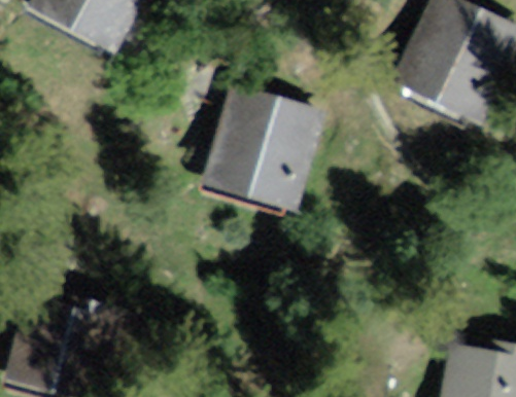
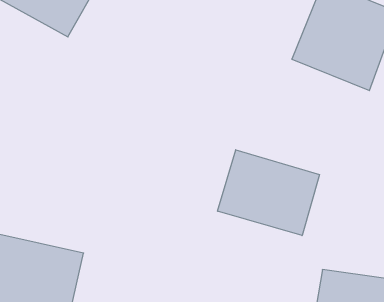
building: [193,89,318,215] -> none
building: none -> [218,150,320,236]

